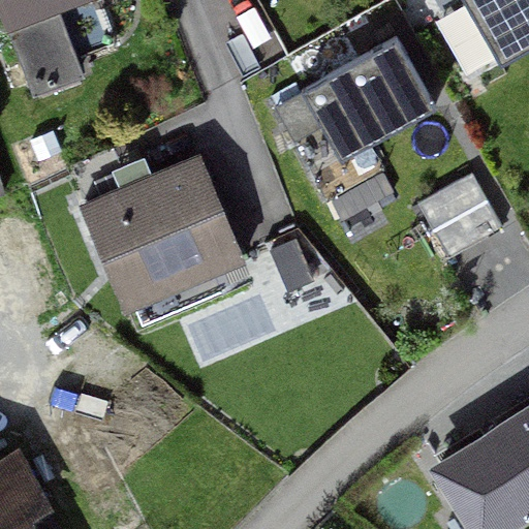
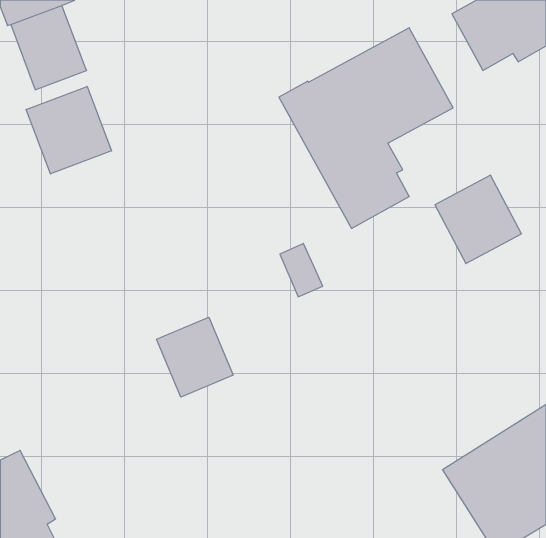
building: none -> [26,86,112,174]
building: [79,153,247,314] -> none
building: none -> [157,317,233,397]

